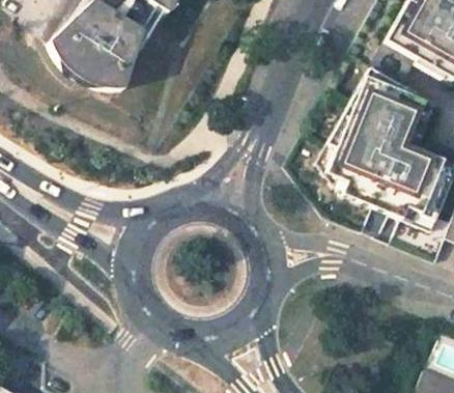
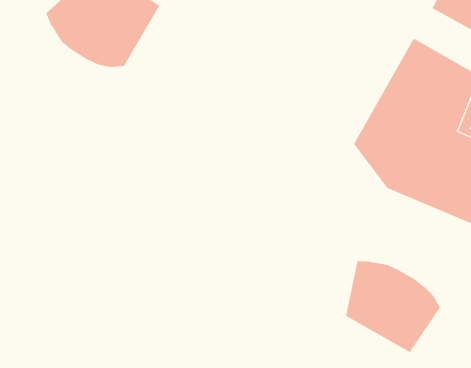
building: none -> [345,261,440,353]

